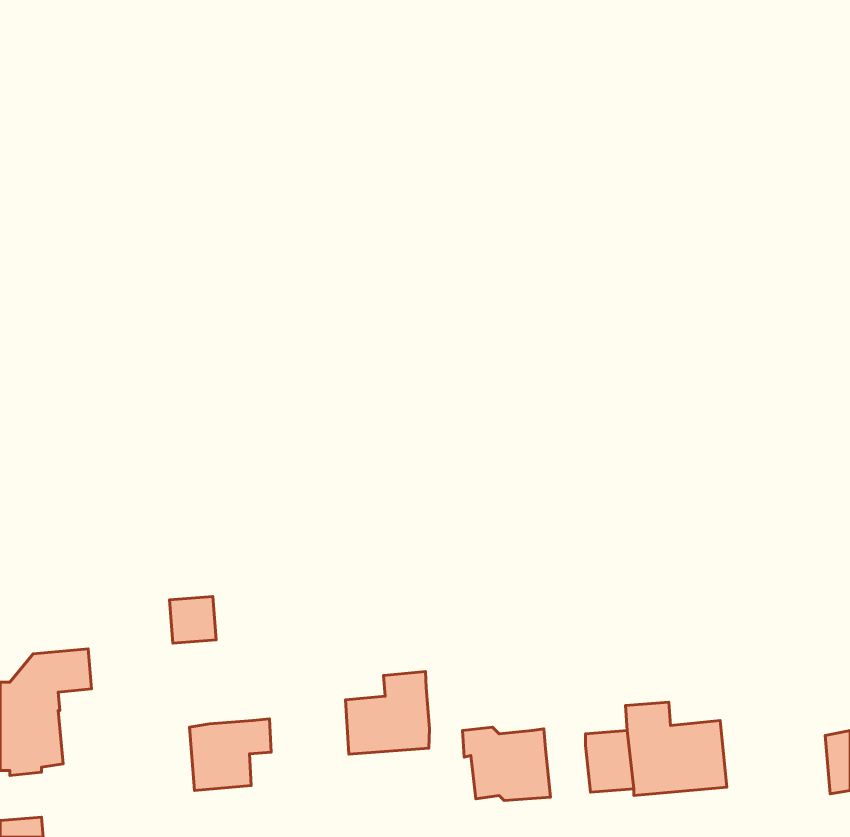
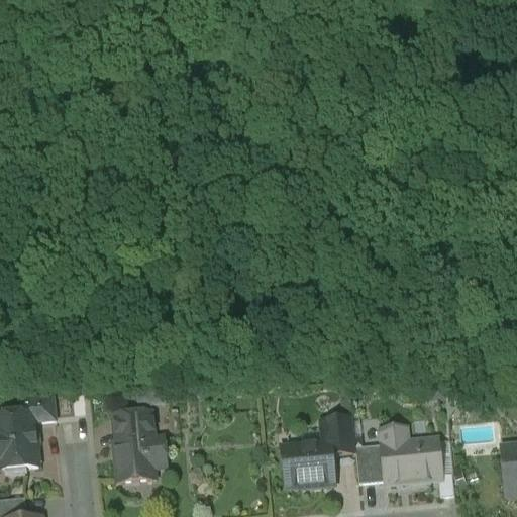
building: [169,597,216,643] -> [125,411,153,439]
building: [345,671,429,754] -> none
building: none -> [321,416,355,454]

